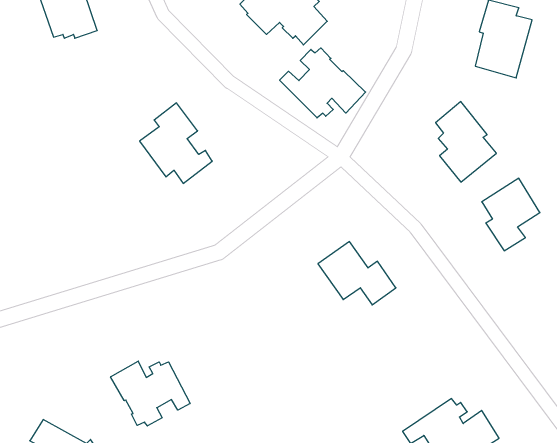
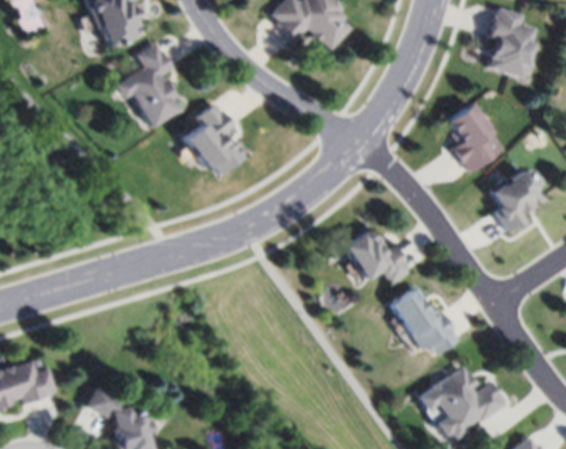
building: none -> [114,44,180,126]
building: [280,48,366,118] -> none
building: none -> [391,286,462,355]
building: [111,361,190,426] -> none

